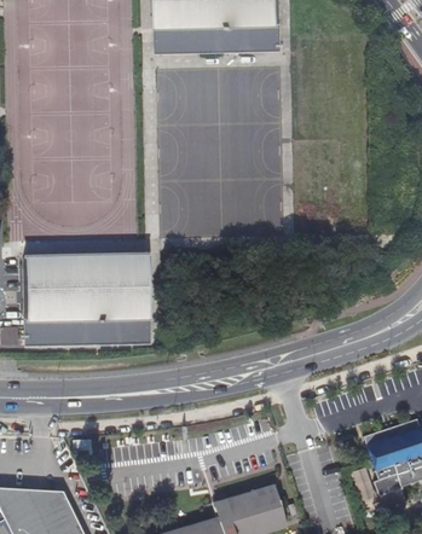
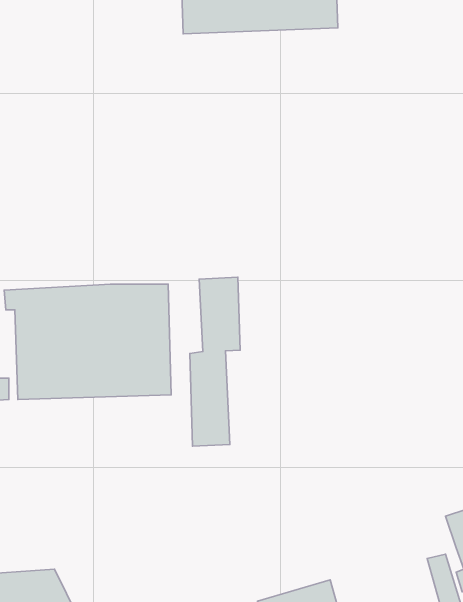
building: none -> [190,277,240,446]

